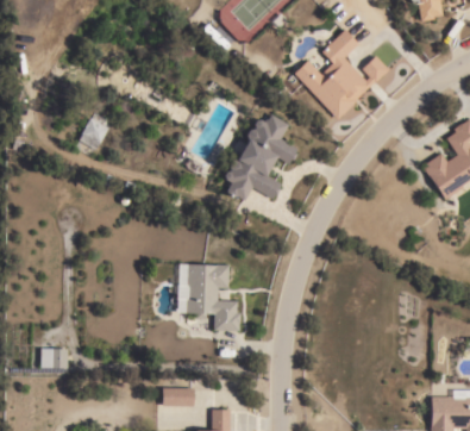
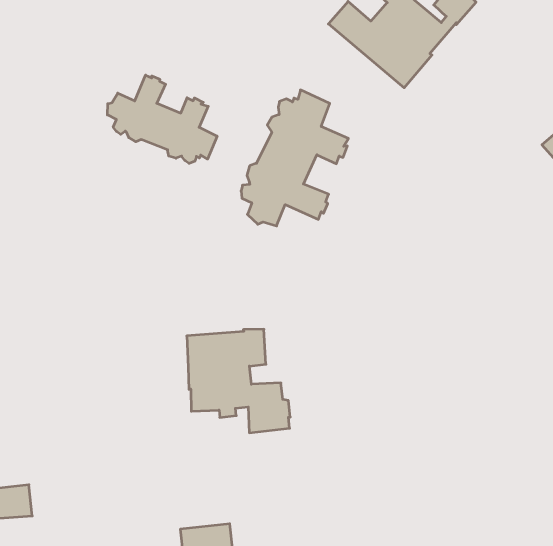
building: none -> [107,75,217,163]
building: [80,118,109,150] -> none

